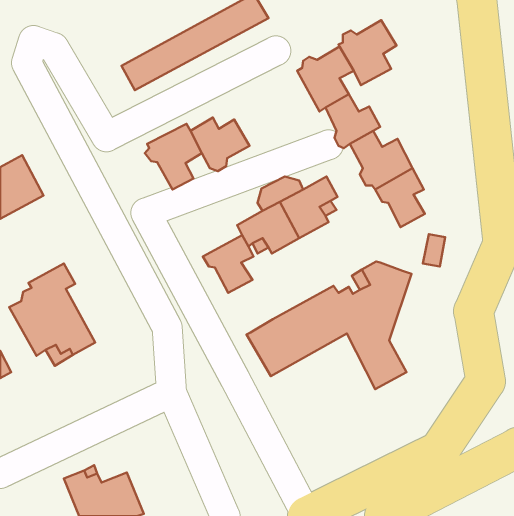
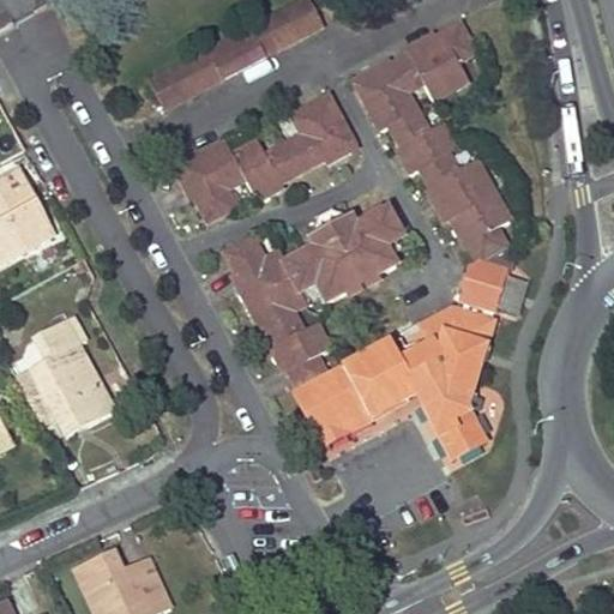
building: none -> [282,94,354,173]
building: none -> [227,242,291,303]
building: none -> [455,253,512,320]
building: none -> [271,324,331,393]

